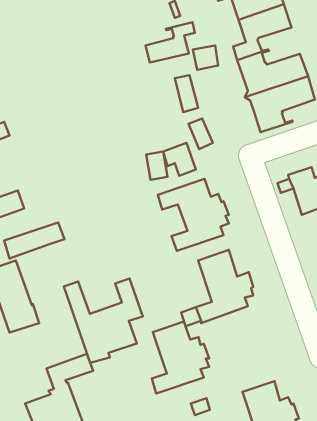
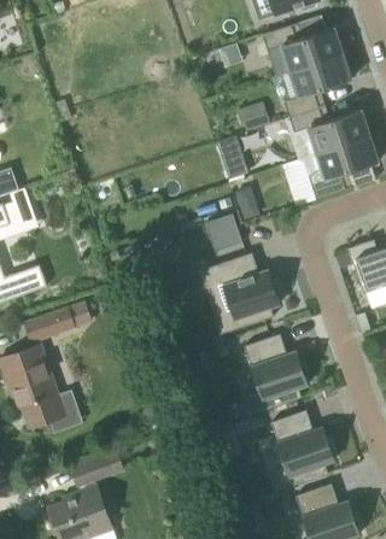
building: [146,22,195,63] -> none
building: [64,278,143,363] -> none
building: [152,321,209,393] -> [269,409,334,491]

